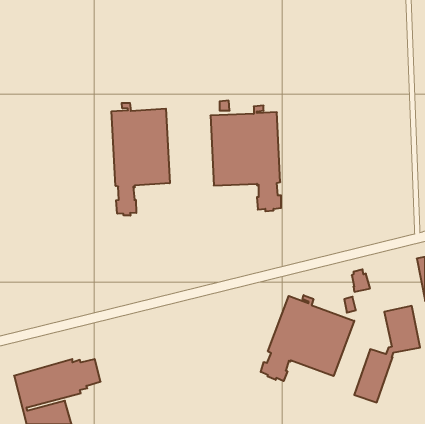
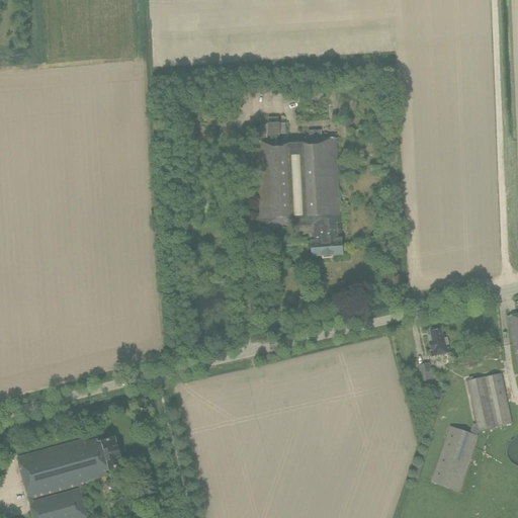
building: [112,103,170,216] -> none
building: [261,295,354,381] -> none

